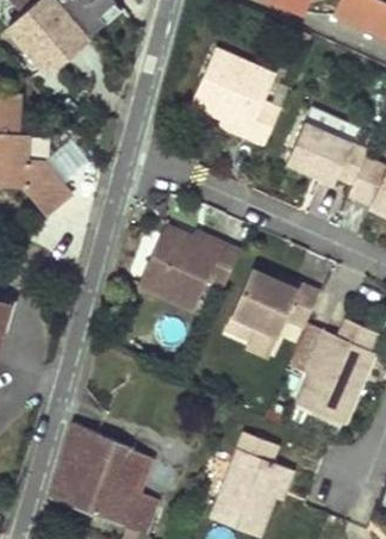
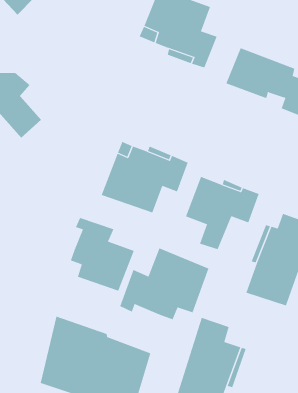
building: none -> [70,217,135,291]
building: none -> [119,248,209,320]

